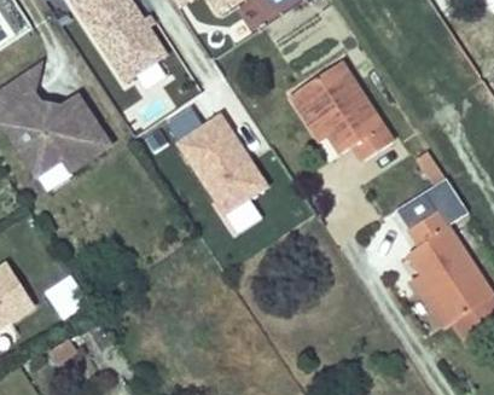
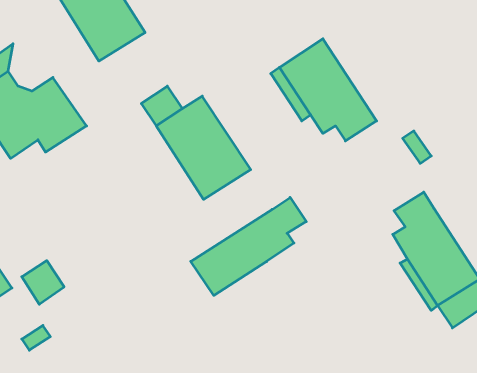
building: [399,180,467,227] -> none
building: none -> [191,197,306,295]

